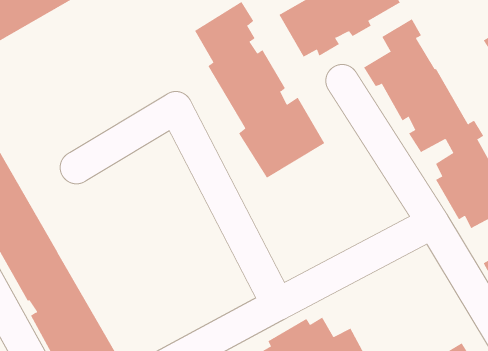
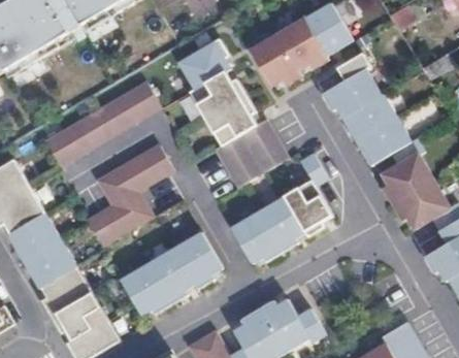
building: none -> [45,78,162,164]
building: none -> [87,143,174,246]
building: none -> [231,152,332,263]
building: none -> [120,232,222,316]

